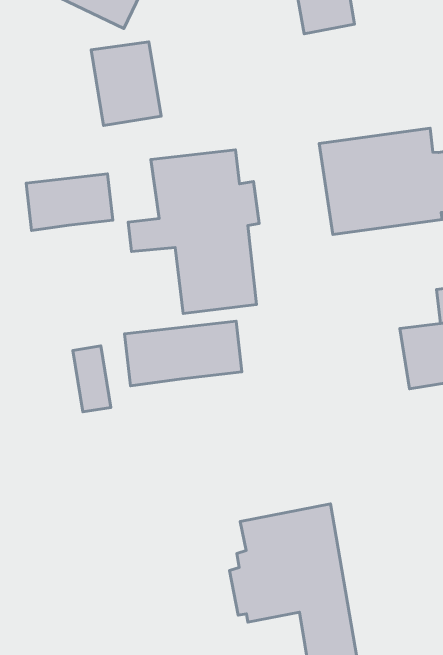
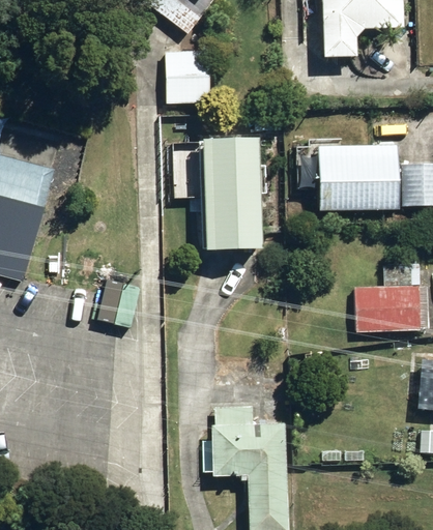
building: [26,174,113,231] -> none
building: [125,321,242,386] -> none

